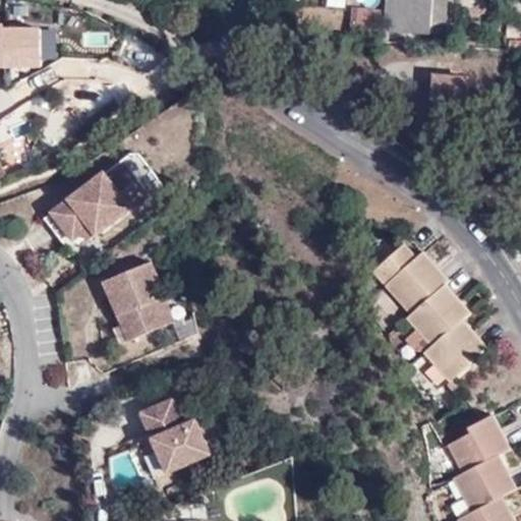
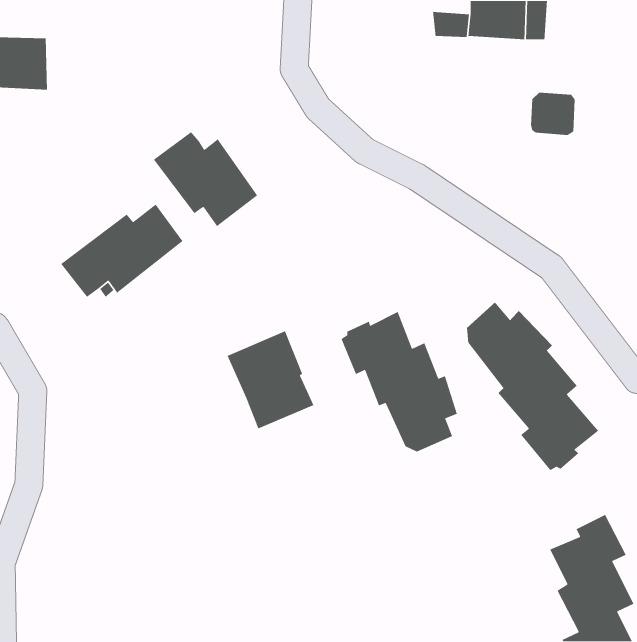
building: none -> [153,131,258,227]
building: none -> [340,311,458,452]
building: [100,256,171,337] -> [227,330,315,430]
building: [134,393,205,468] -> none

